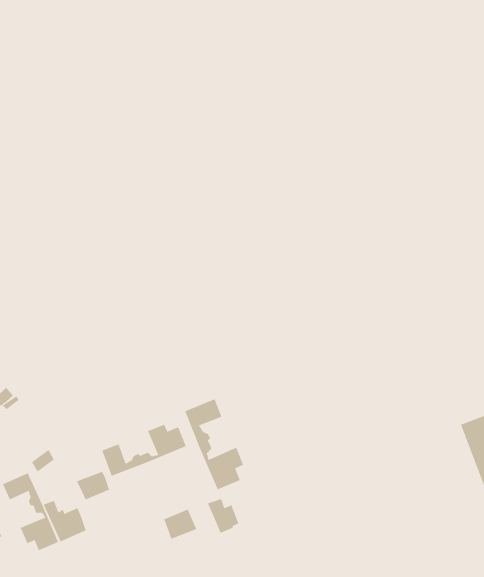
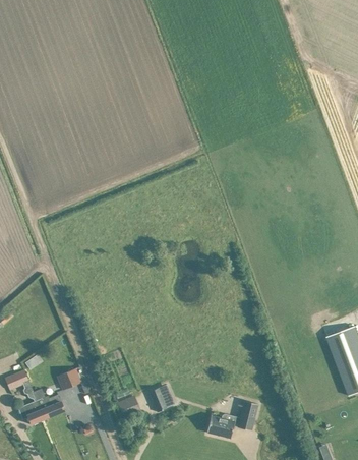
building: [185,399,244,490] -> none
building: [101,424,187,476] -> none
building: none -> [206,399,257,437]

